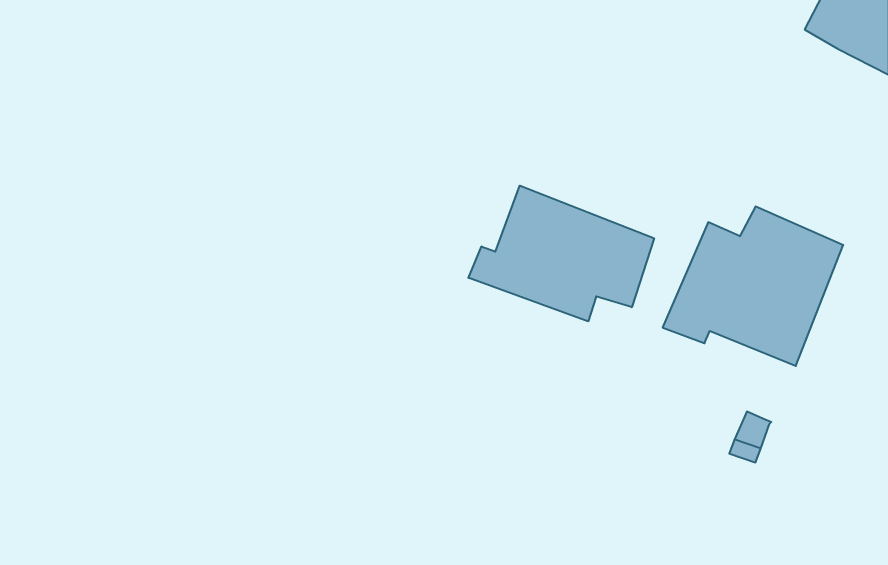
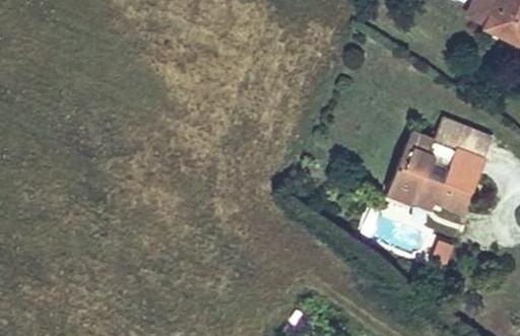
building: [468,186,654,321] -> none

